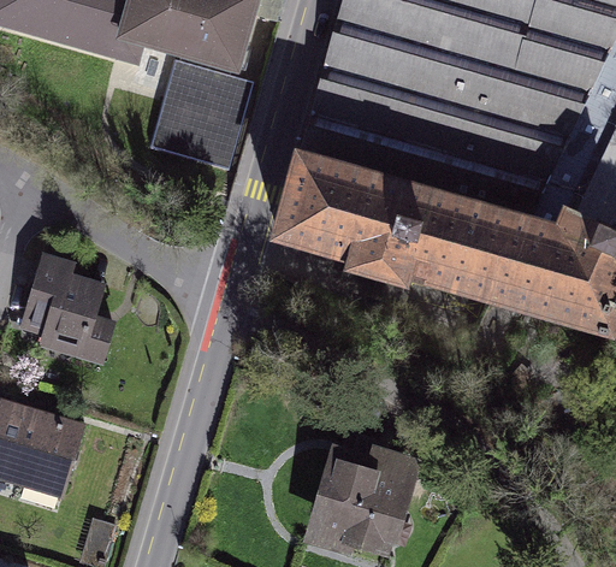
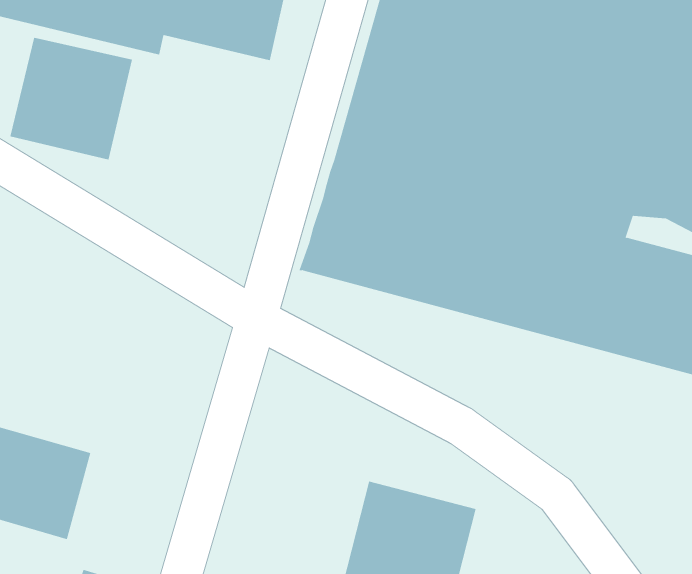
building: [147,57,253,163] -> [10,37,133,160]
building: [28,241,123,349] -> none

